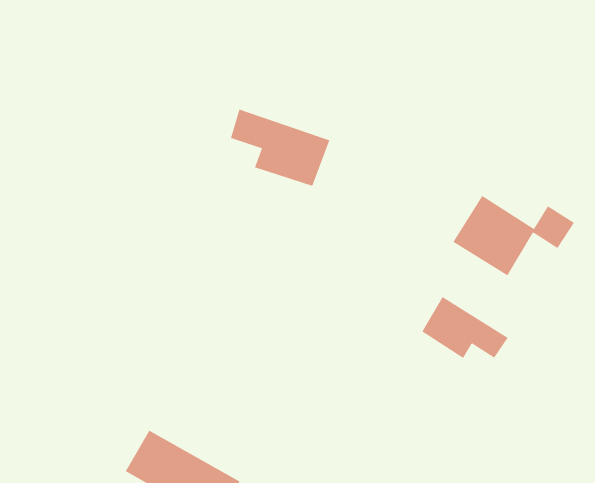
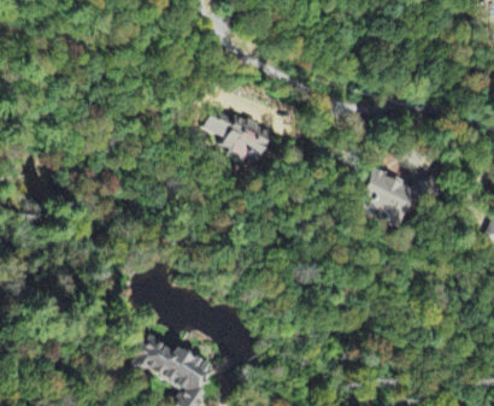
building: [421,296,508,359] -> none

